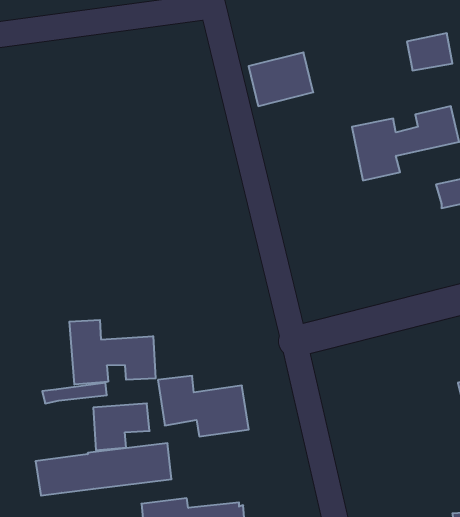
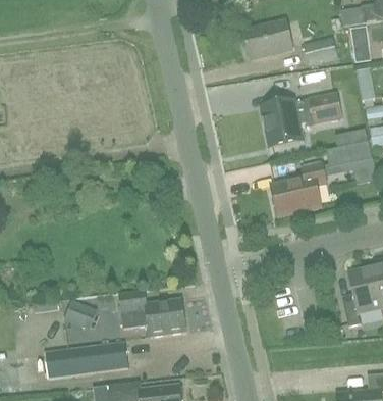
building: [249,52,313,106] -> [243,18,291,58]
building: none -> [270,163,325,214]
building: [69,320,156,385] -> none

